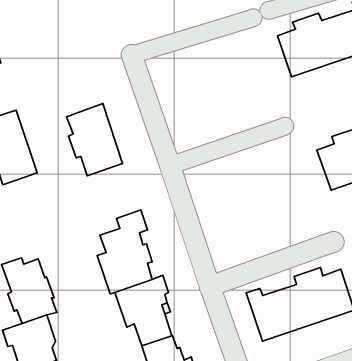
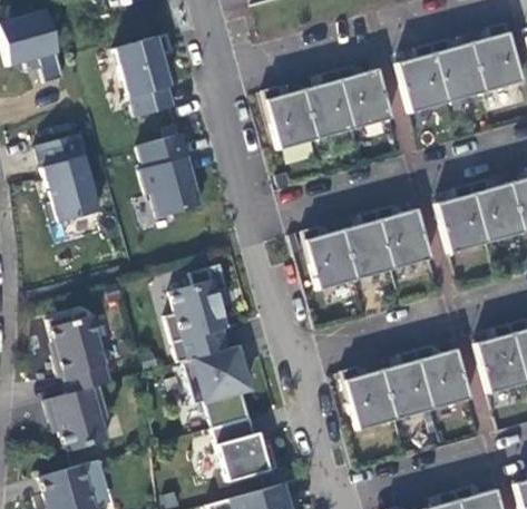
building: none -> [113,37,173,118]
building: none -> [264,63,392,148]
building: none -> [303,204,432,290]

